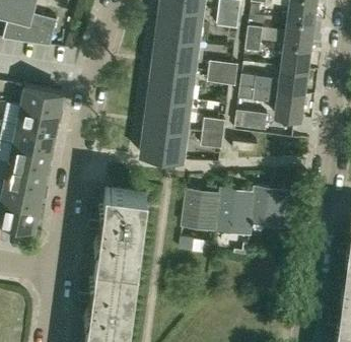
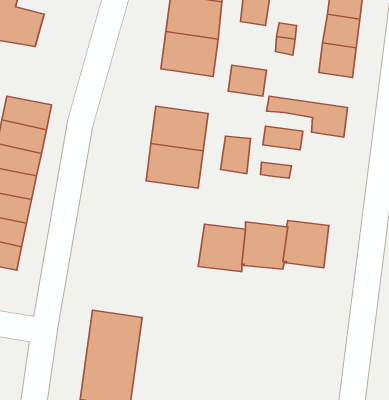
building: [147,64,194,100] -> none
building: [239,67,307,95] -> none
building: [95,188,146,267] -> none

